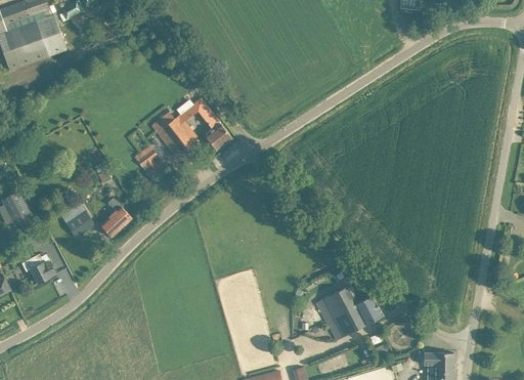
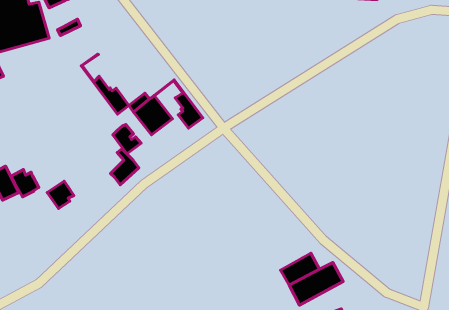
building: none -> [81,54,129,114]
building: [101,198,132,237] -> [111,149,139,185]
building: [27,253,56,283] -> [11,169,39,197]

